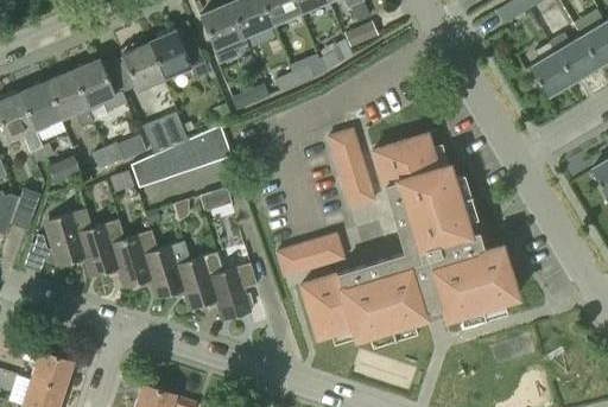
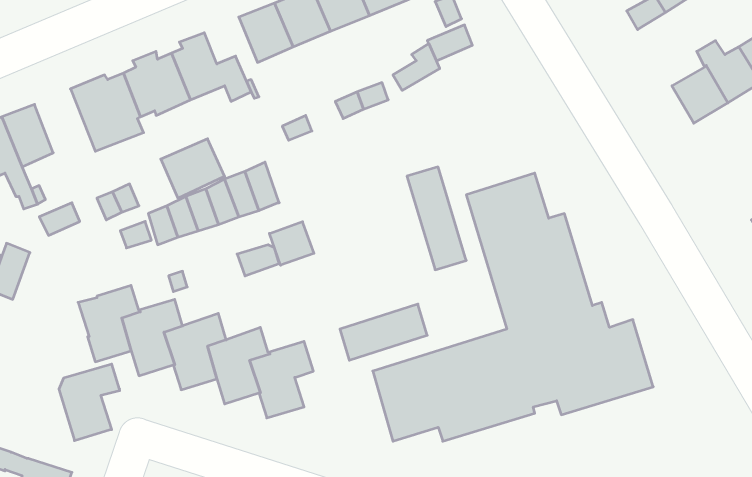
building: [45,70,94,127] -> none
building: none -> [269,222,314,265]
building: [46,209,93,267] -> [59,364,120,441]

